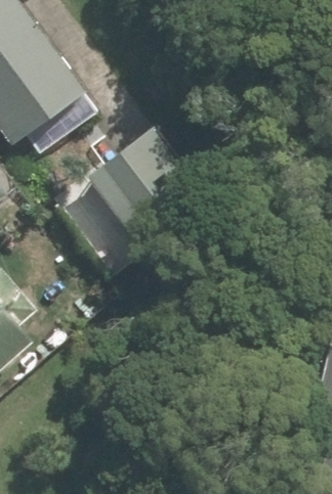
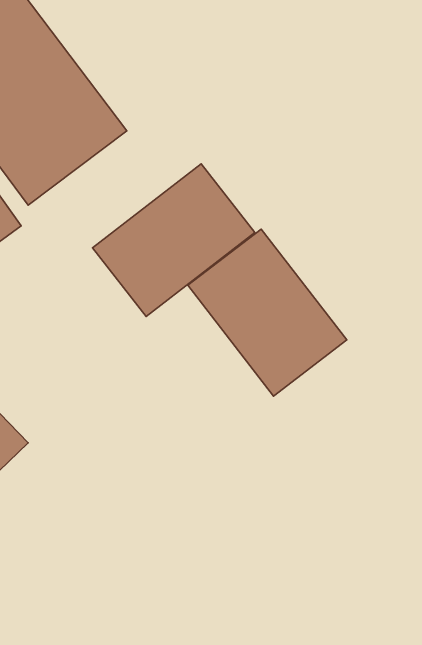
building: none -> [188,229,347,396]

